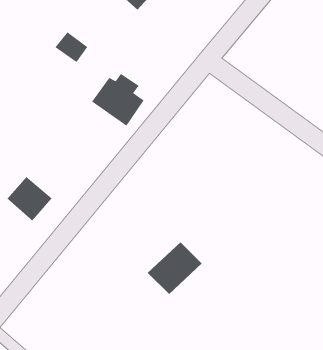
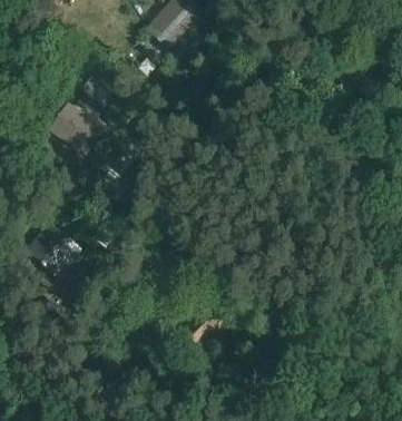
building: [91,73,145,127] -> [48,98,105,155]

